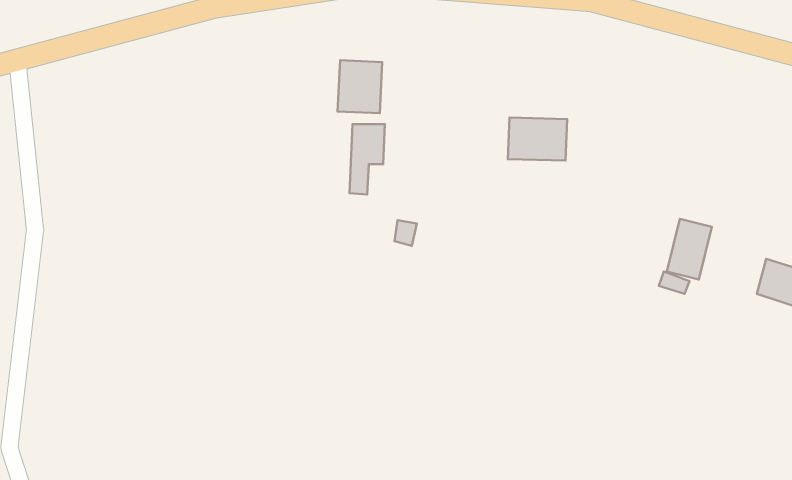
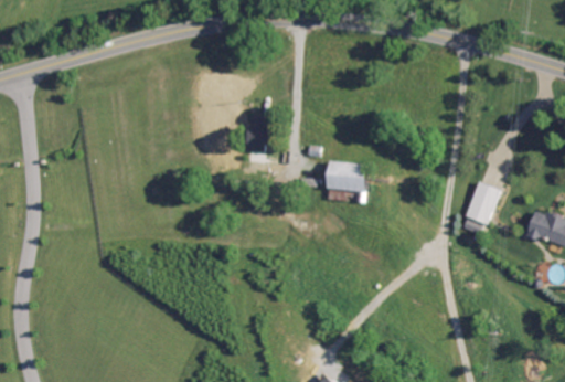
building: [338,60,382,113] -> none
building: [508,117,567,161] -> [330,162,371,192]

